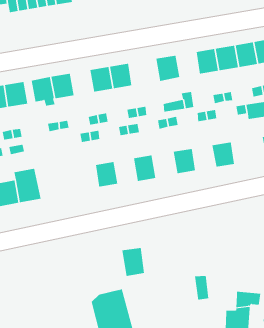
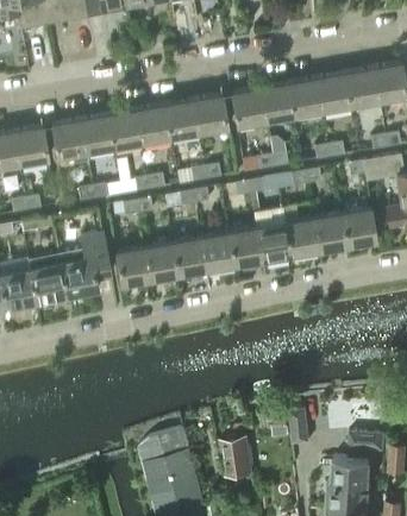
building: none -> [262,84,295,121]
building: none -> [194,96,228,133]
building: none -> [109,111,143,147]
building: none -> [342,209,376,246]
building: none -> [286,219,319,256]
building: none -> [227,228,263,266]
building: none -> [58,233,109,300]
building: none -> [173,238,206,275]
building: none -> [115,247,150,285]
building: [122,248,145,277] -> [219,434,252,476]

